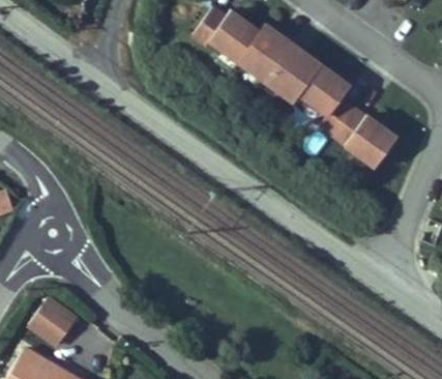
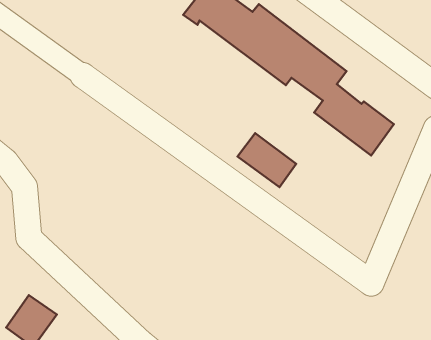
building: none -> [237,133,296,187]

